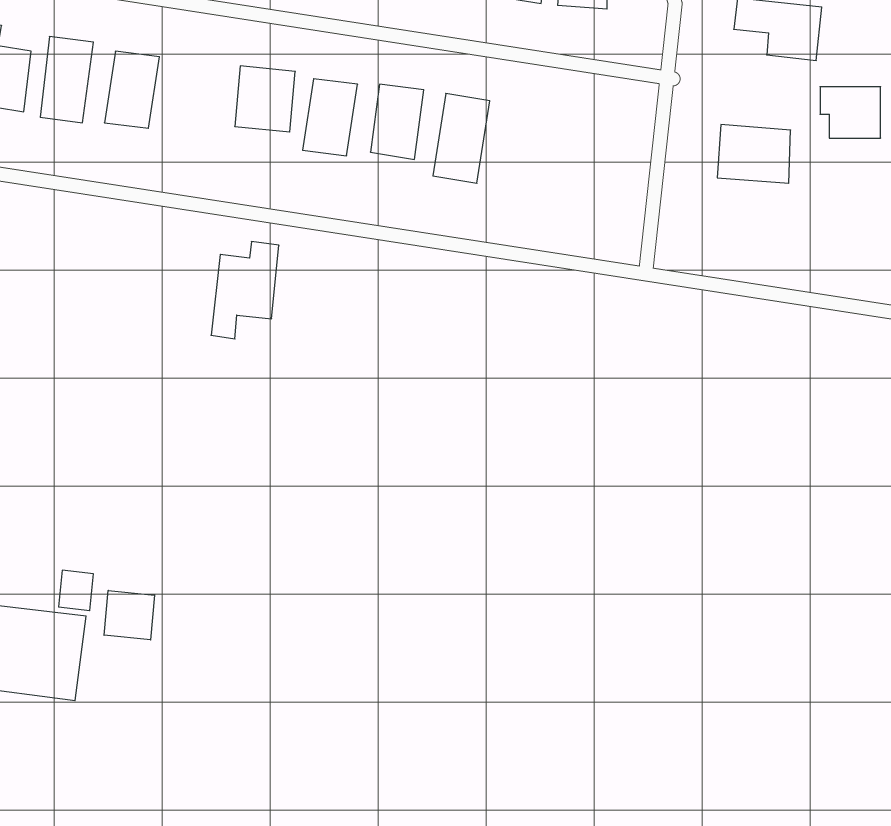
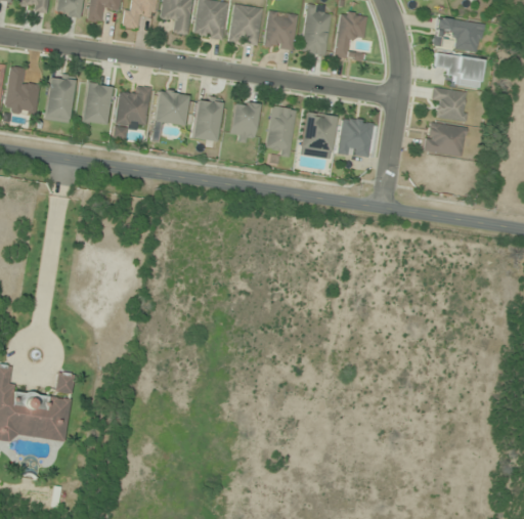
building: [820,87,881,138] -> [433,90,467,119]
building: none -> [300,112,337,158]
building: none -> [337,117,374,157]
building: [211,242,279,339] -> [114,85,151,139]
building: [104,590,155,640] -> none

